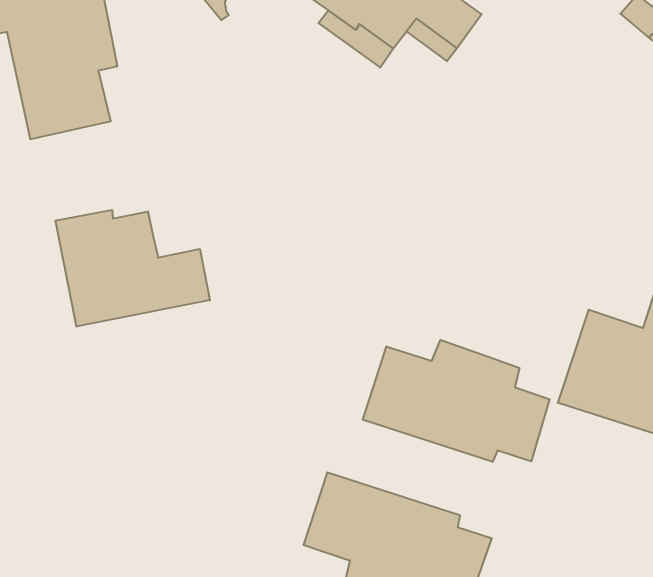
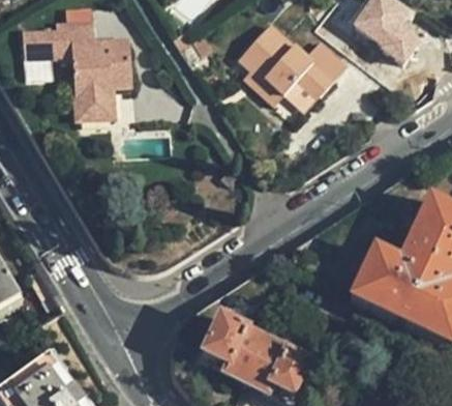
building: [55,210,210,327] -> none
building: [363,340,550,462] -> none

